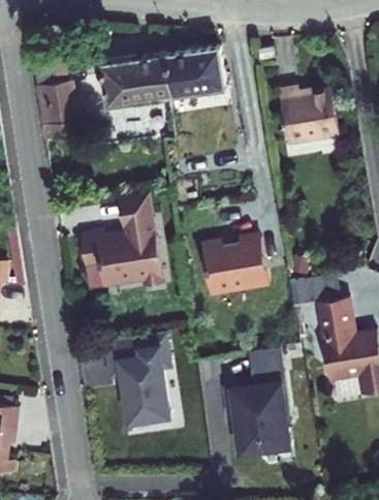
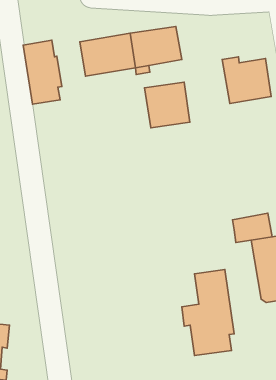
building: none -> [145,82,190,128]
building: [85,191,170,296] -> none
building: [202,235,272,290] -> none
building: [107,335,171,423] -> none

